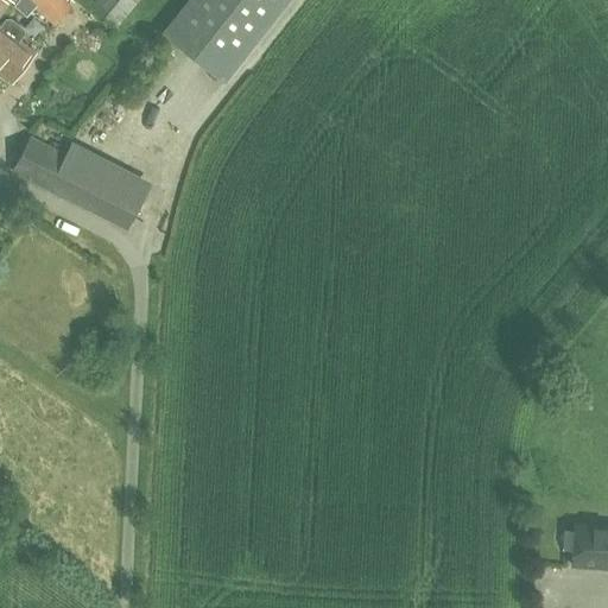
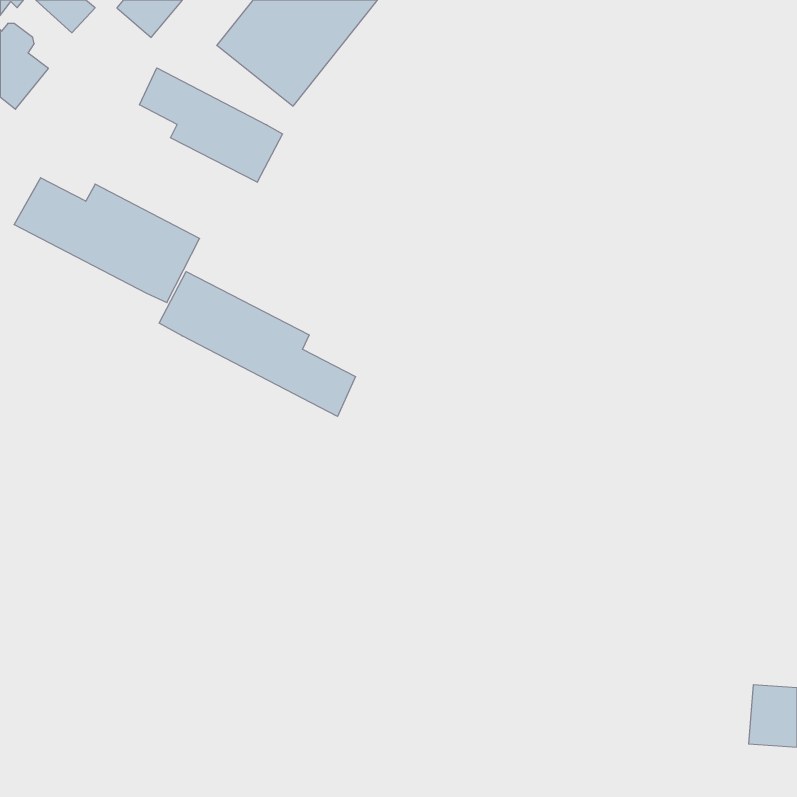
building: none -> [140,68,283,182]
building: none -> [159,272,355,416]

